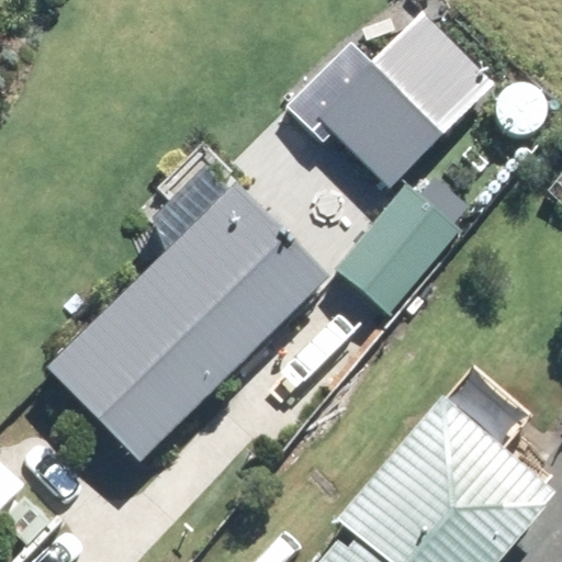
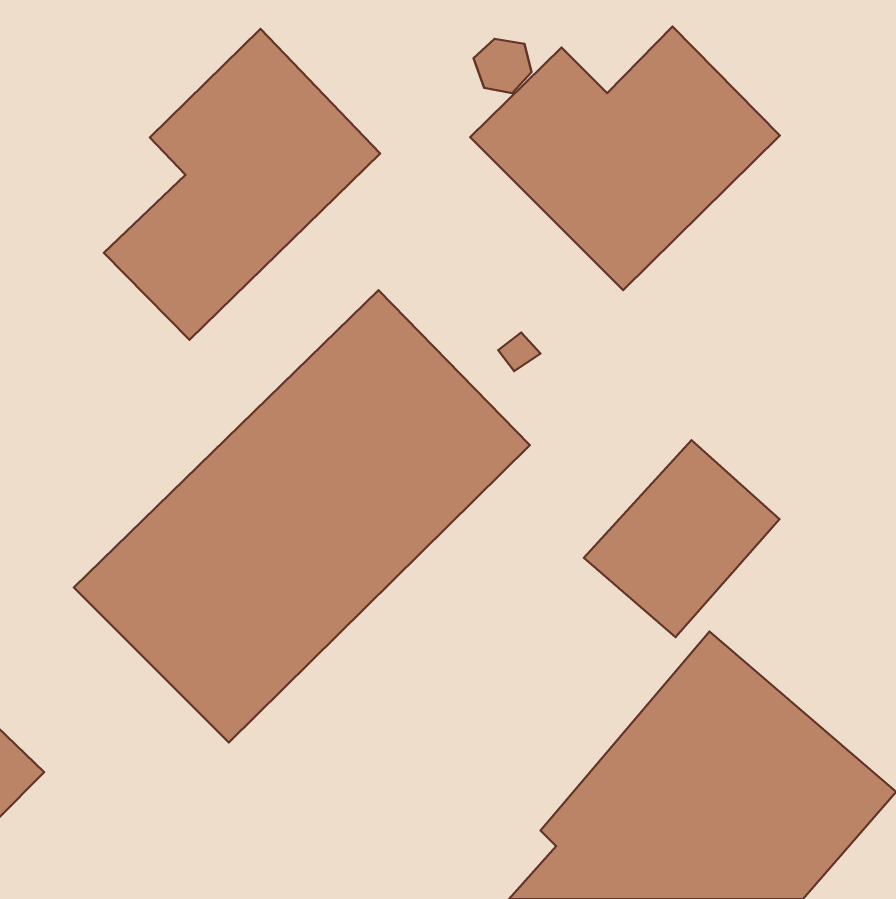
building: none -> [104,29,380,340]
building: [324,190,446,313] -> [584,440,779,637]

